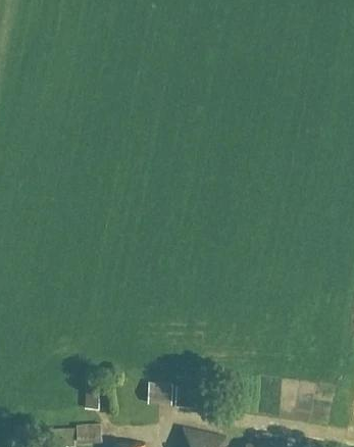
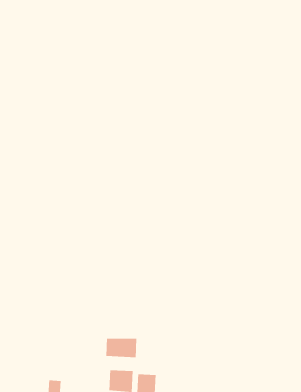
building: none -> [105,338,137,358]

